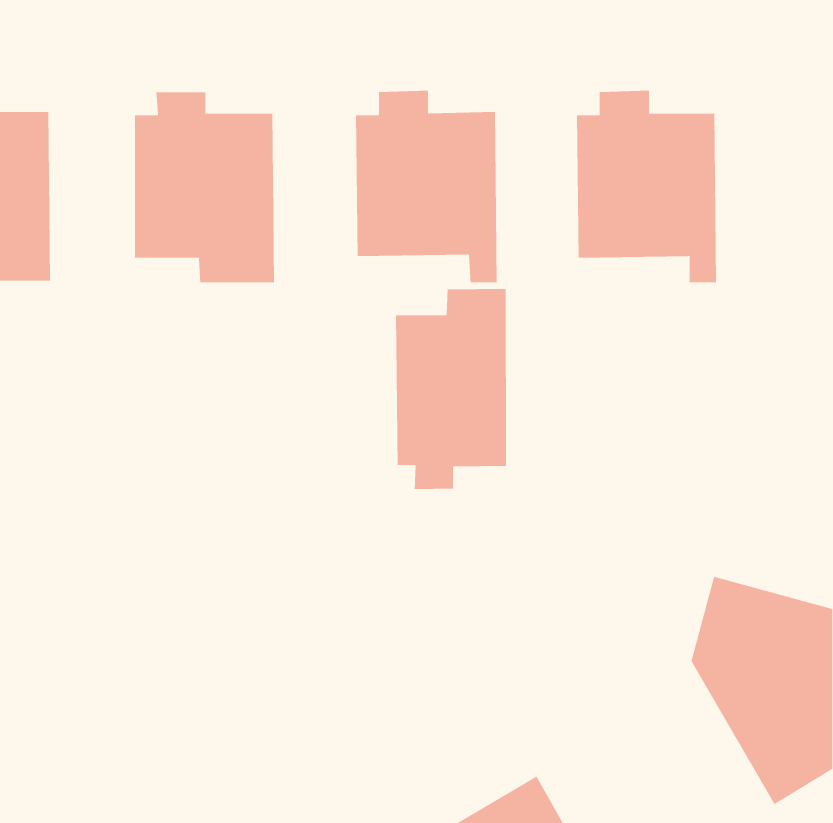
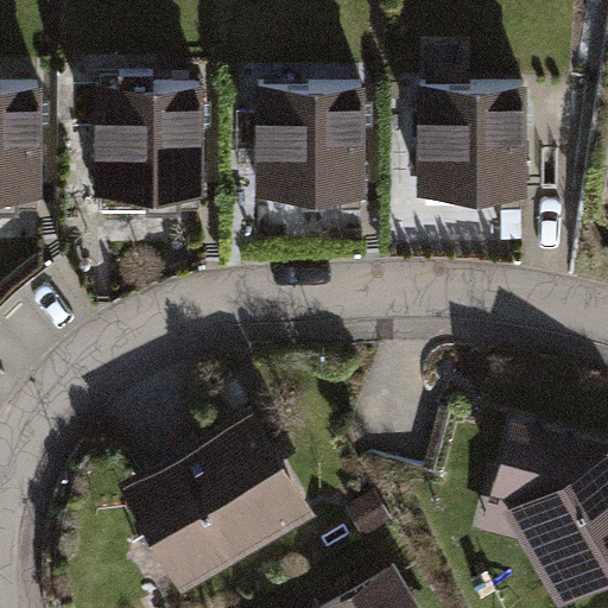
building: [395,288,507,490] -> none
building: none -> [129,420,308,587]

